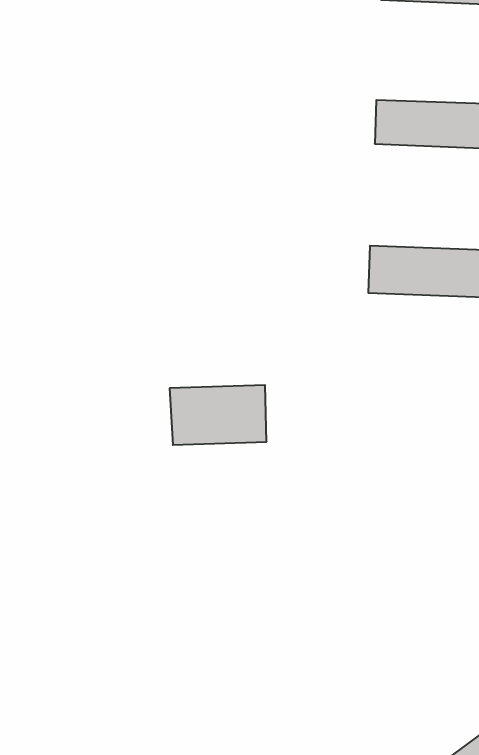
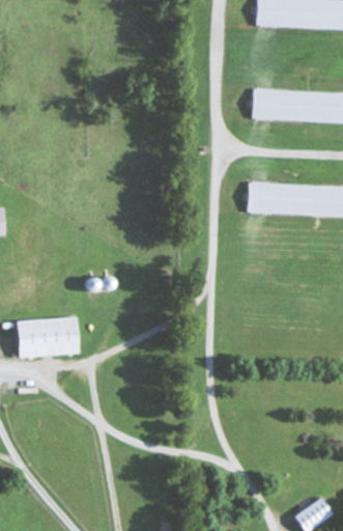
building: [170,385,267,445] -> [17,316,79,355]

